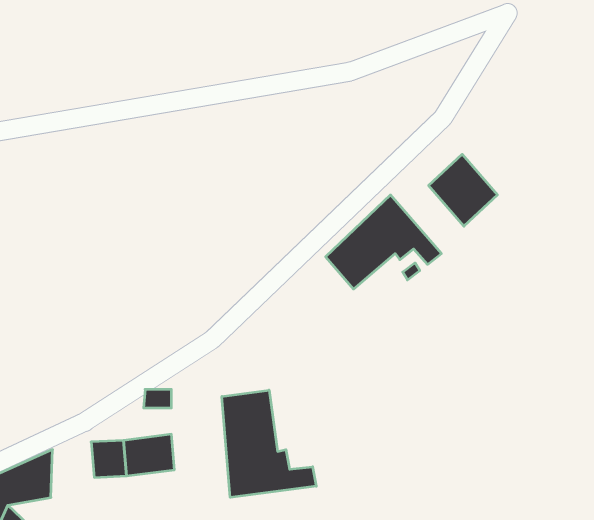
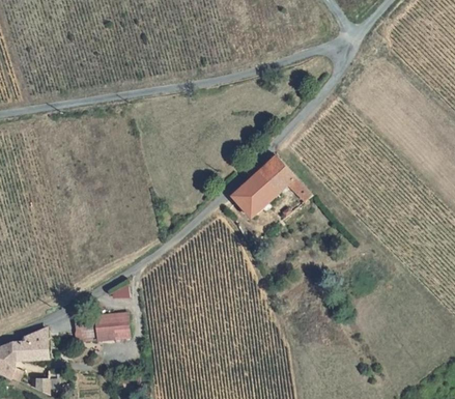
building: [429,154,497,226] -> none
building: [222,390,316,497] -> none

